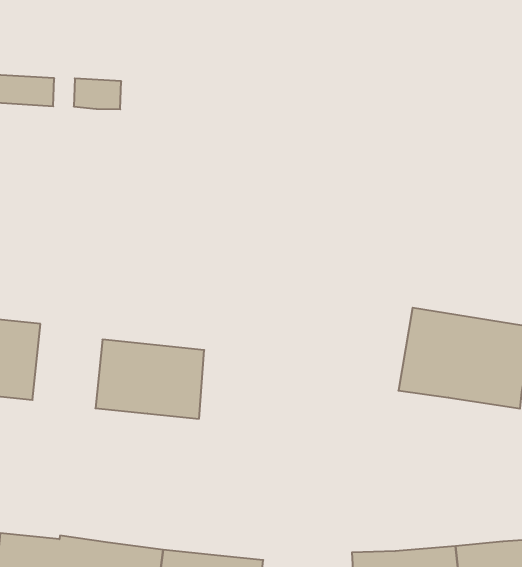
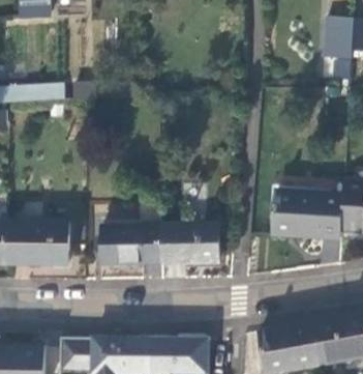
building: none -> [161,226,219,264]

